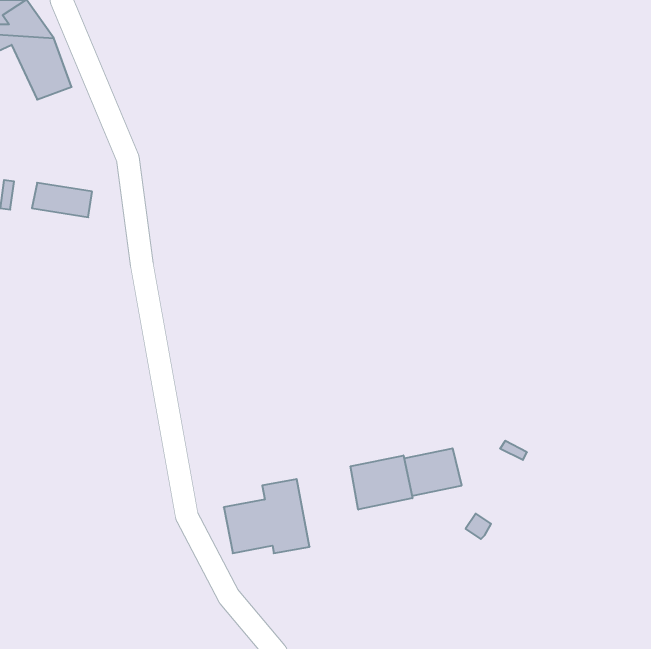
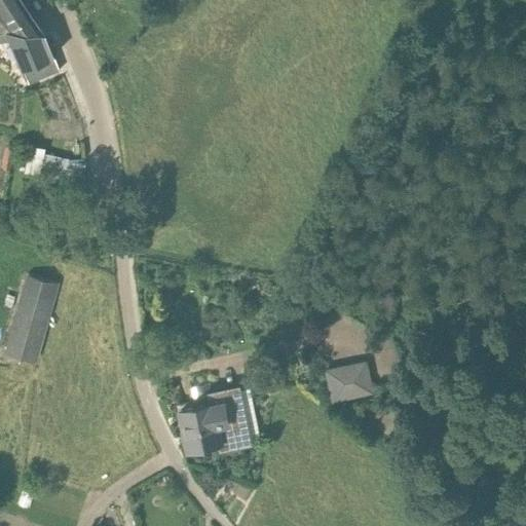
building: none -> [5,276,55,364]
building: [351,455,412,510] -> none

